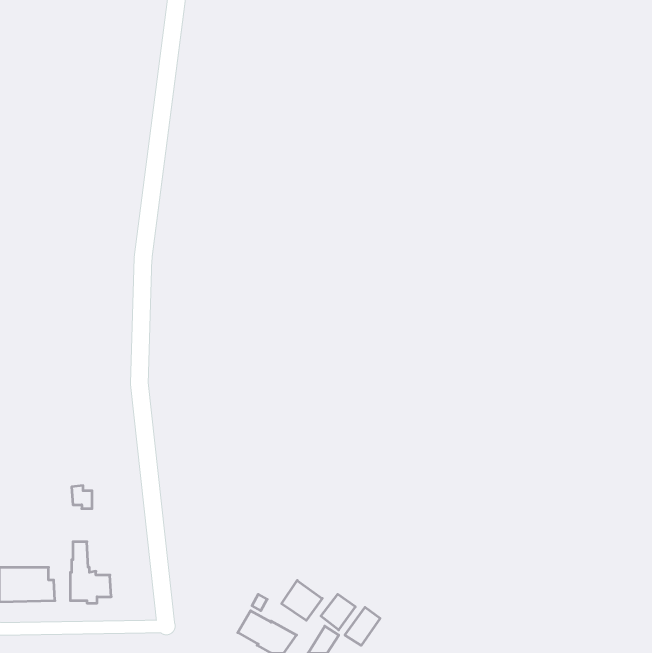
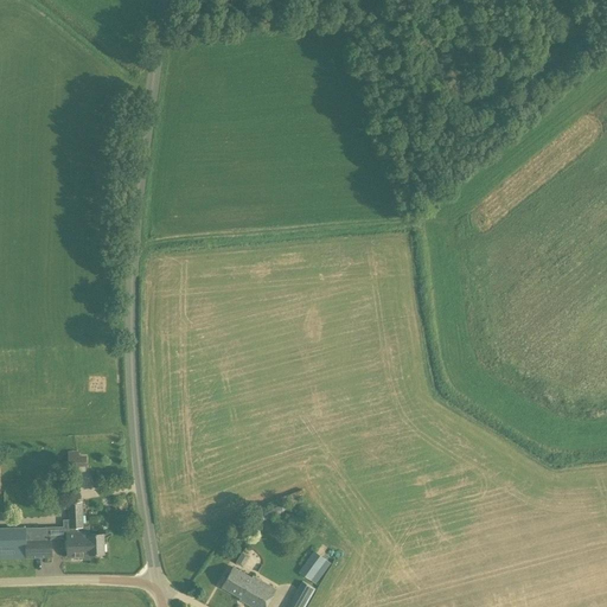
building: [282,580,322,620] -> none
building: [345,607,380,645] -> none

